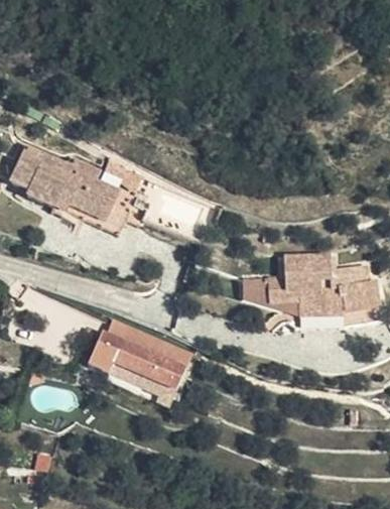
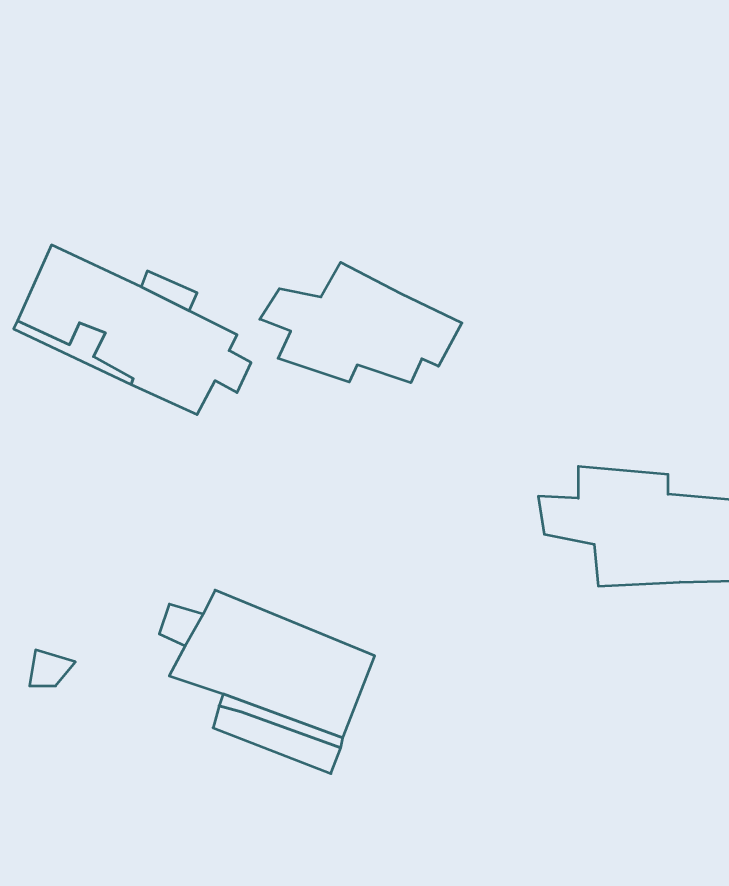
building: none -> [260,262,462,383]
building: [237,268,305,316] -> none

